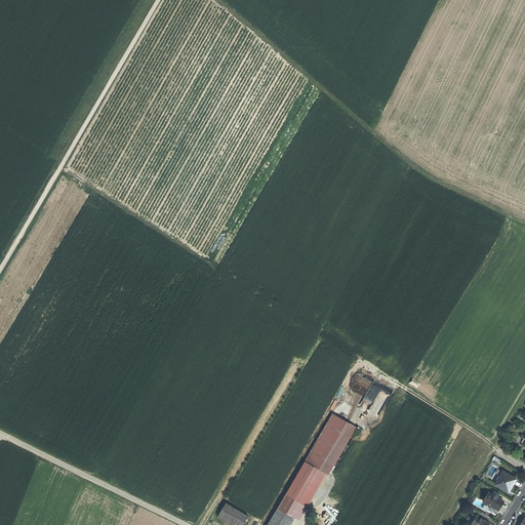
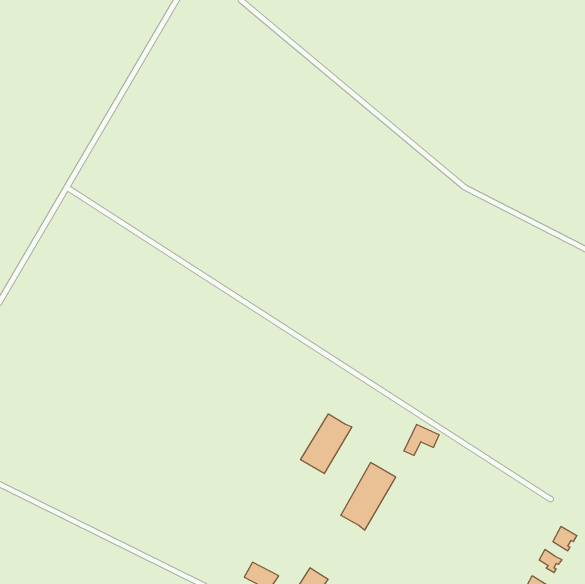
building: none -> [301,414,352,474]
building: [285,462,321,507] -> none

